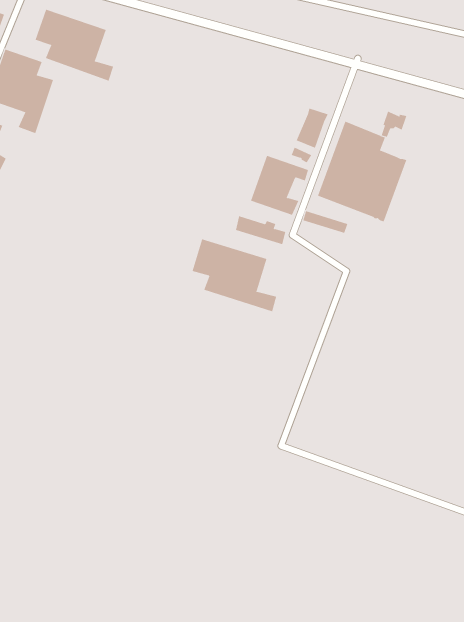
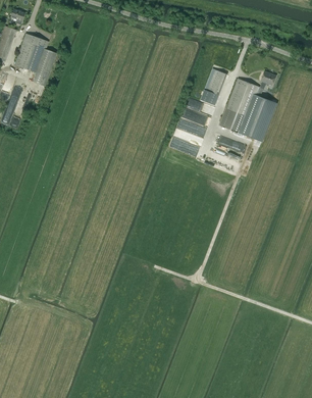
building: [35,9,114,81] -> none
building: [192,239,277,312] -> none

